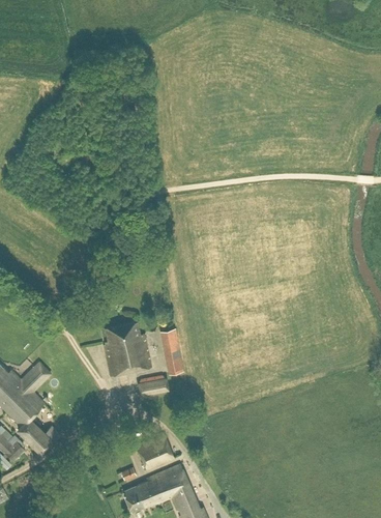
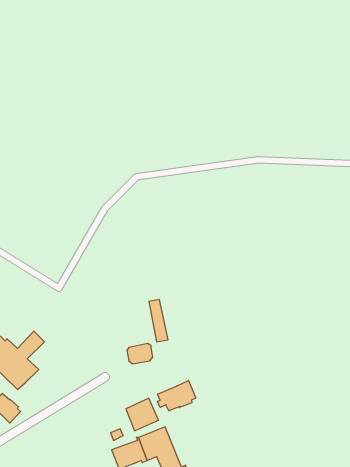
building: [104,321,150,375] -> none
building: none -> [157,380,196,411]
building: [17,418,60,453] -> none

